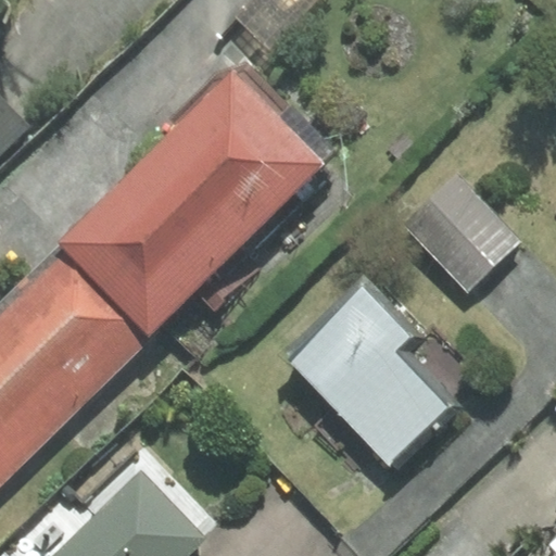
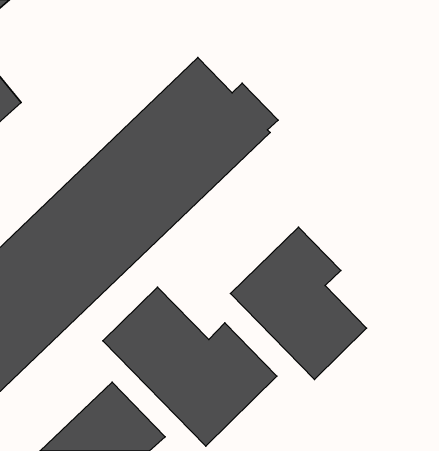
building: [395,172,515,292] -> none
building: none -> [103,287,277,446]

